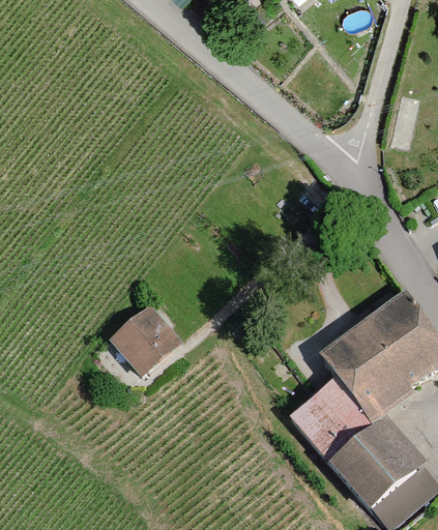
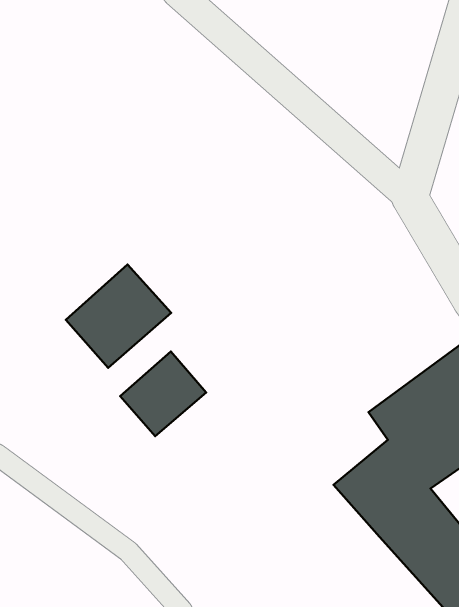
building: none -> [66,265,171,368]

